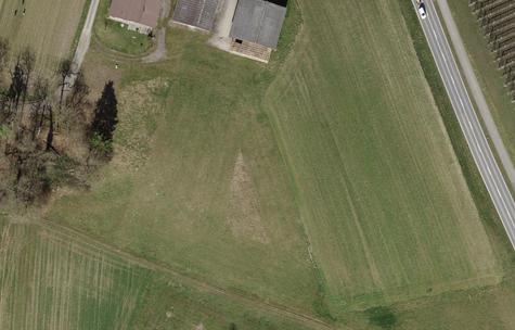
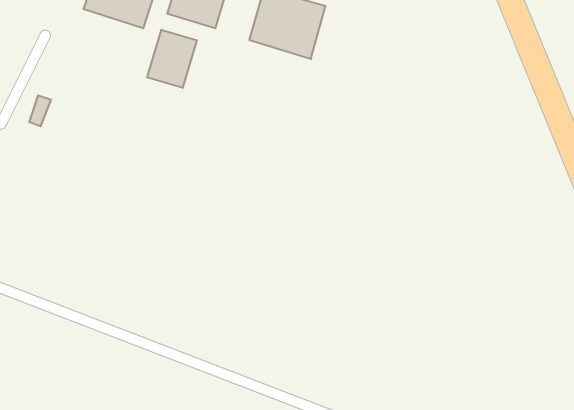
building: none -> [147,30,197,88]

